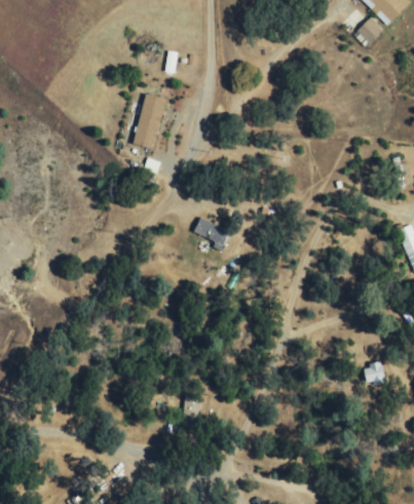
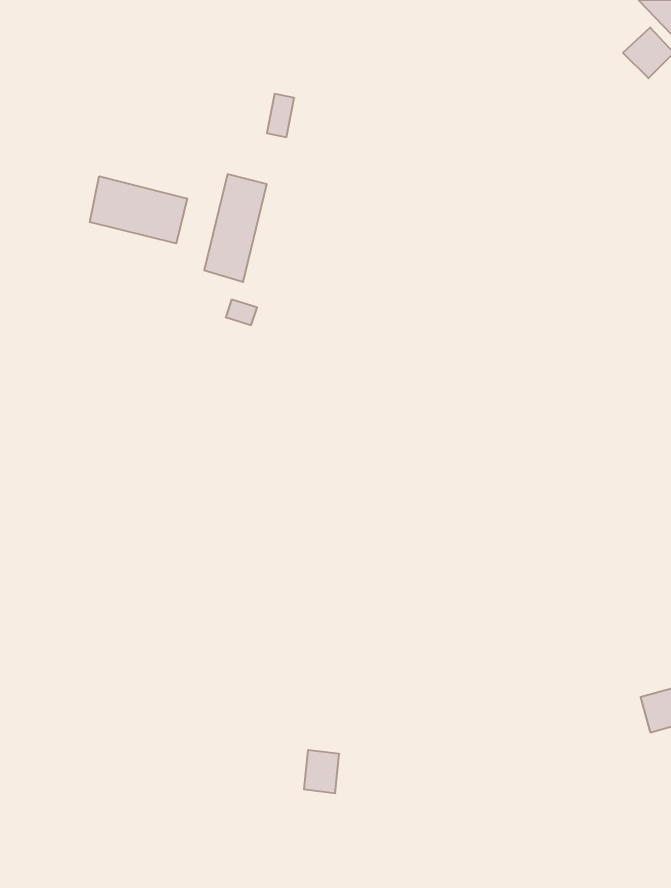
building: none -> [90,176,187,243]
building: [194,220,230,251] -> none

